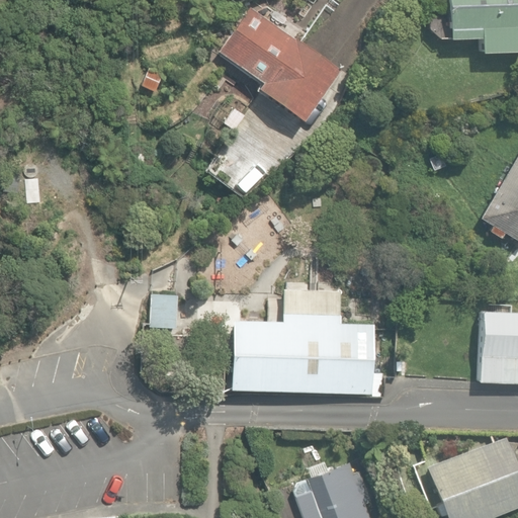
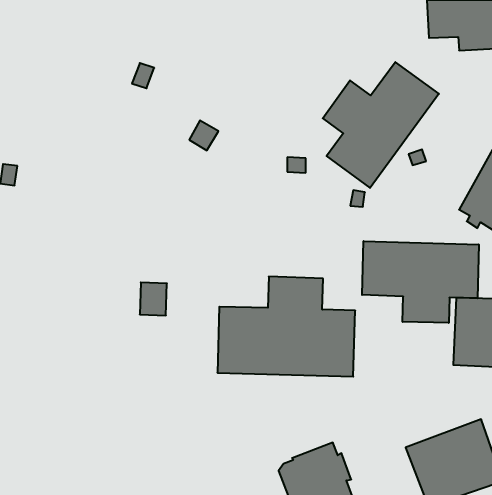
building: [220,8,340,121] -> none
building: none -> [323,62,439,188]
building: none -> [362,241,479,323]

